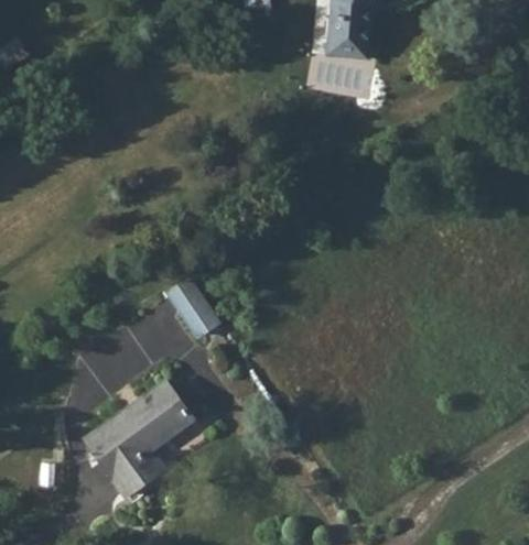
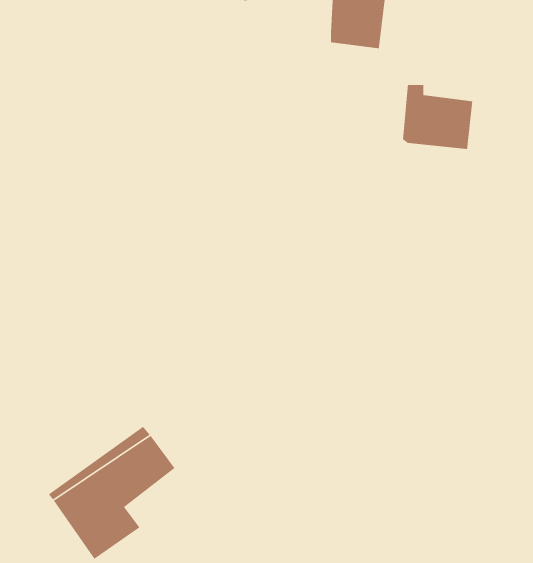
building: [310,45,370,101] -> [402,84,473,150]
building: [170,275,223,337] -> none

